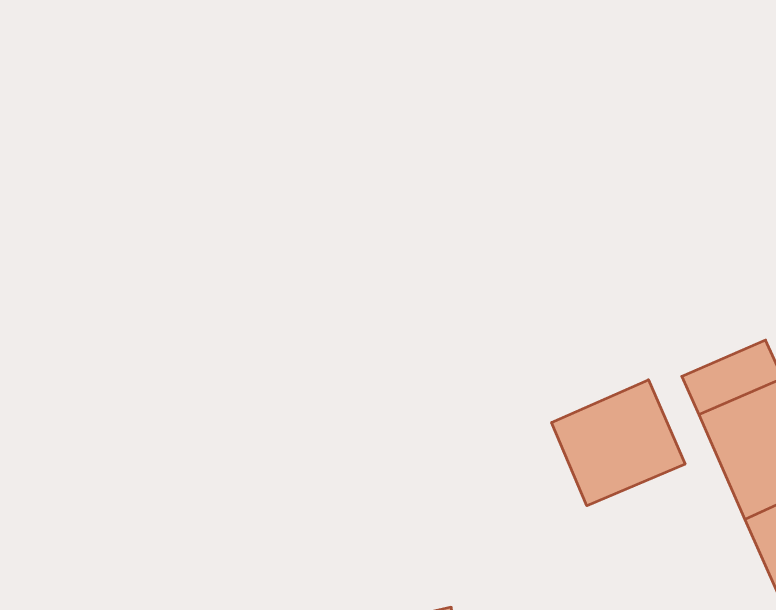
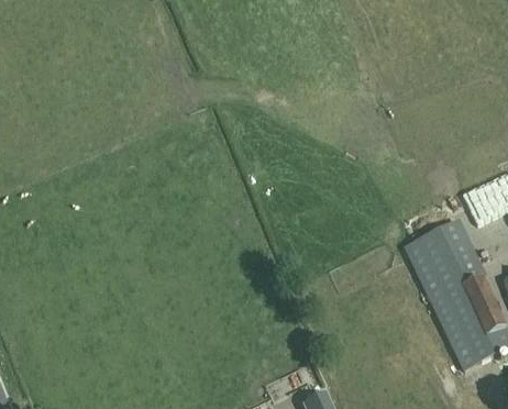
building: [552,380,685,506] -> none

